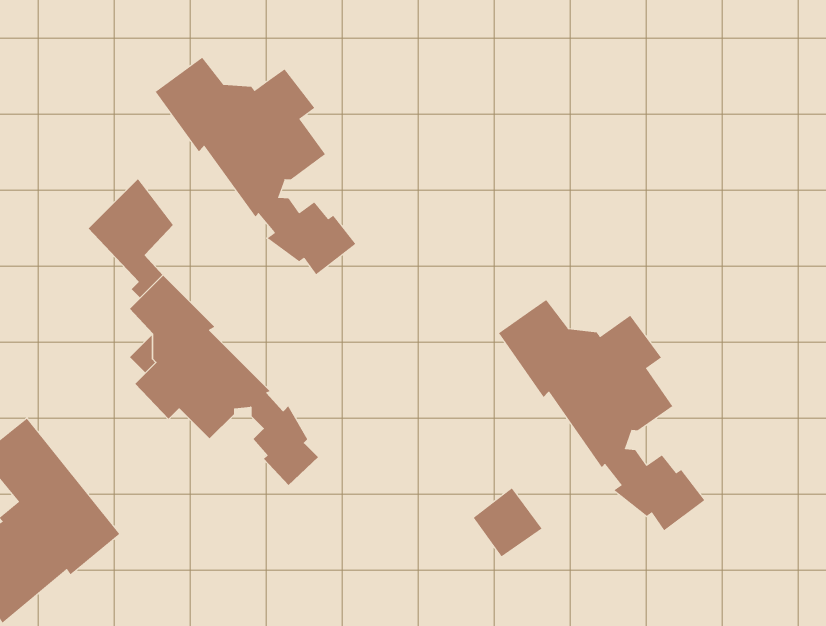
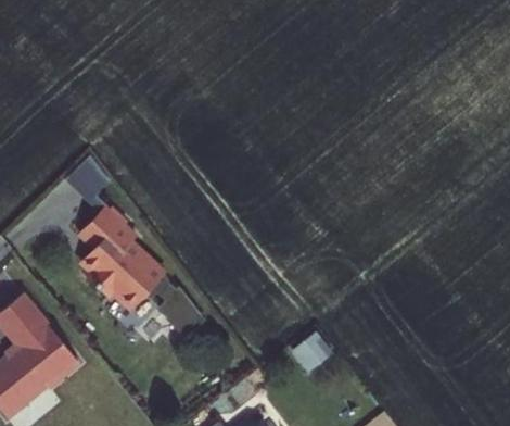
building: [155,57,356,275] -> none
building: [498,299,705,531] -> none

